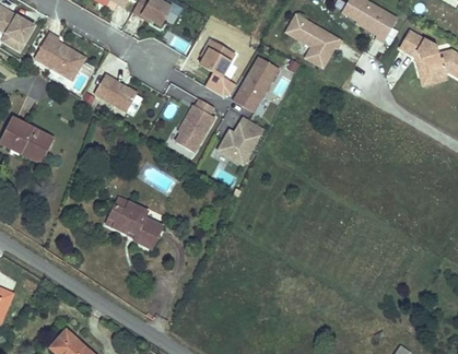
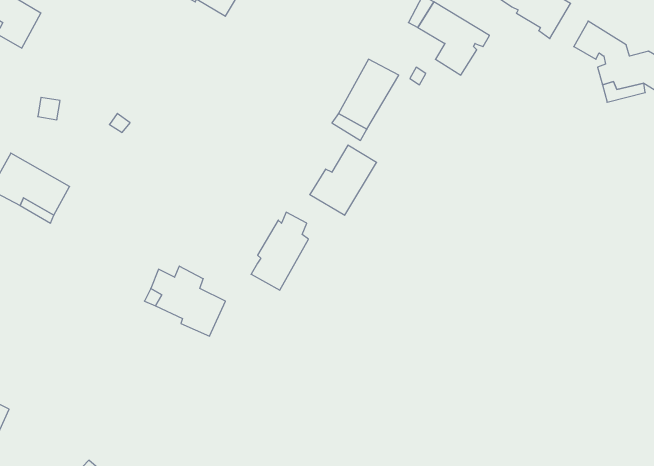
building: [35,31,86,79] -> none
building: [200,37,237,95] -> none
building: [93,74,136,113] -> none
building: [176,97,215,151] -> [251,212,308,290]

